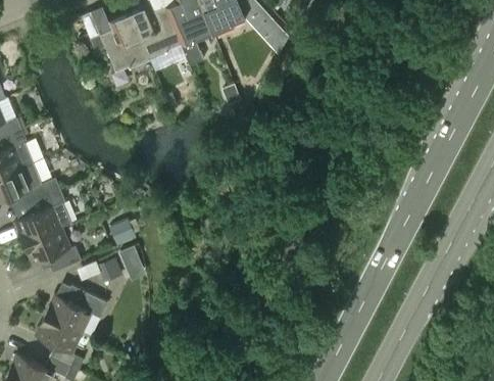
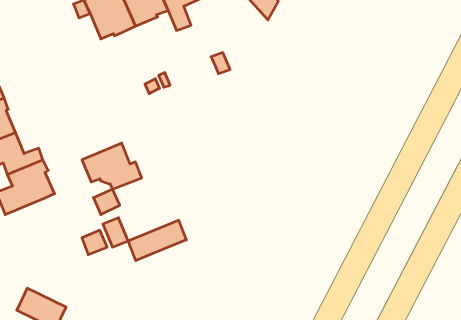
building: [22,227,81,272] -> [82,143,142,189]
building: none -> [128,220,186,261]
building: [44,285,107,333] -> none

